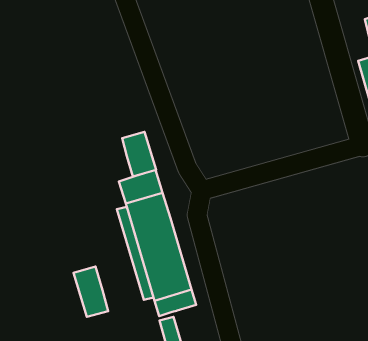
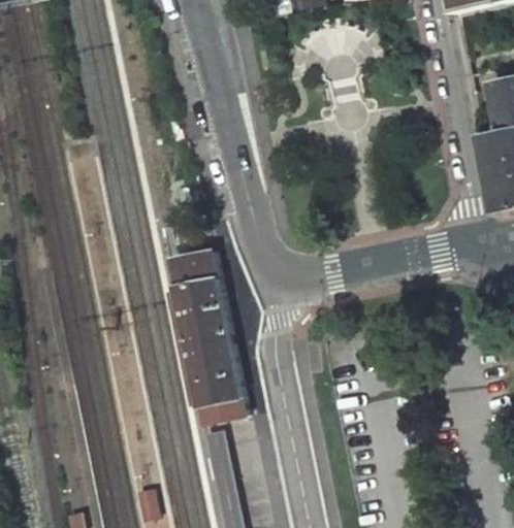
building: [122,132,156,177] -> none
building: [73,266,108,317] -> none

